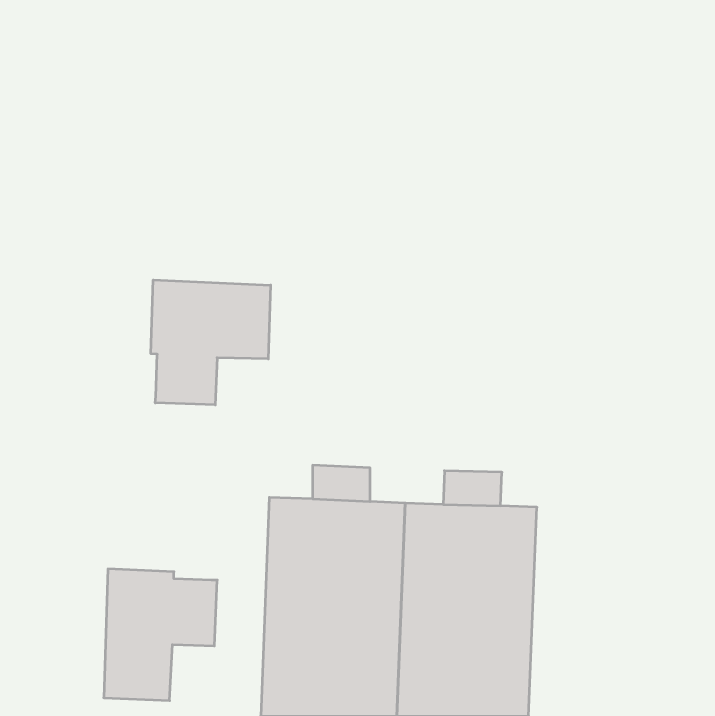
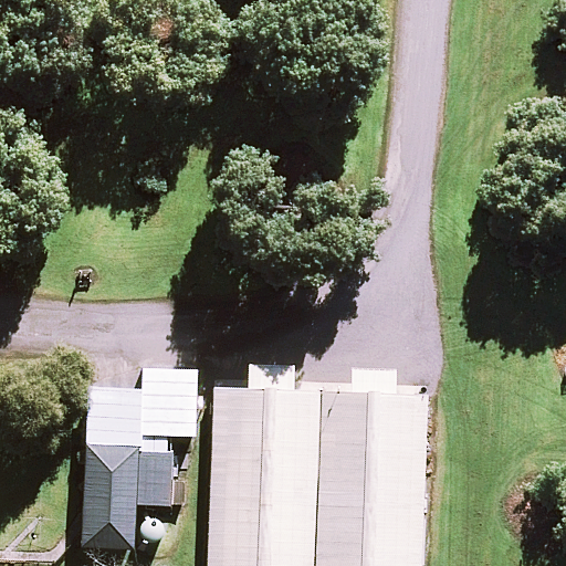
building: [151,280,271,405] -> none
building: none -> [86,371,198,458]

